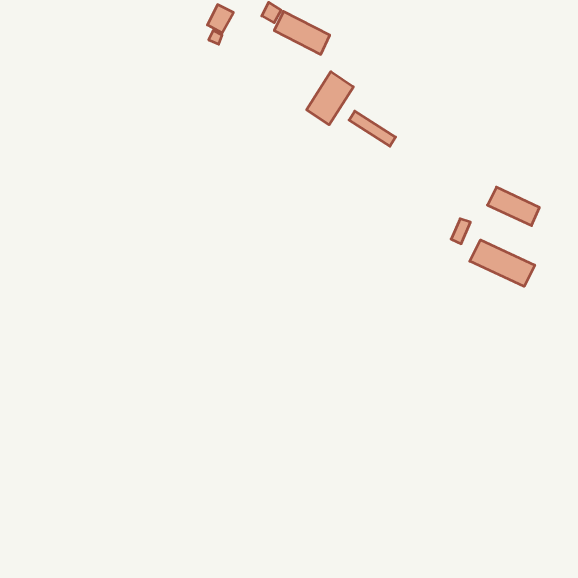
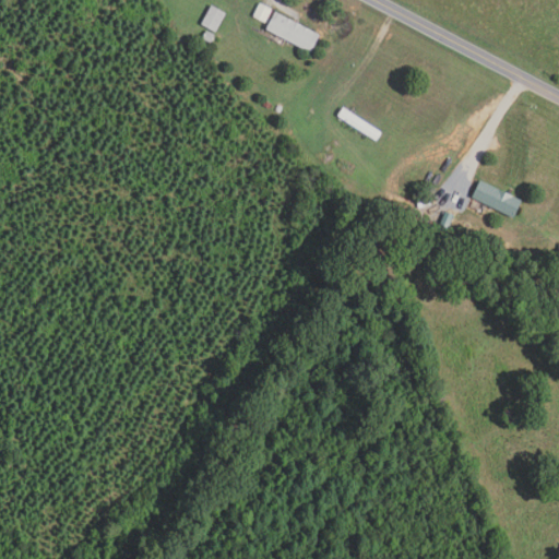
building: [307,72,353,125] -> none
building: [470,240,535,286] -> none

